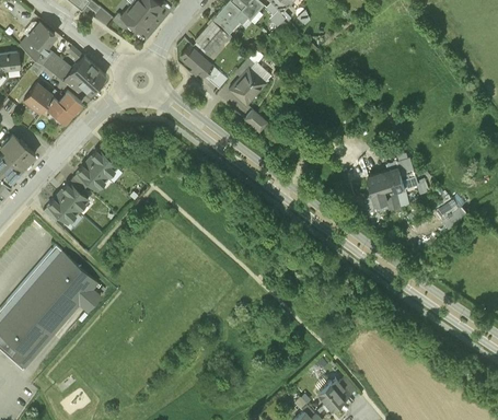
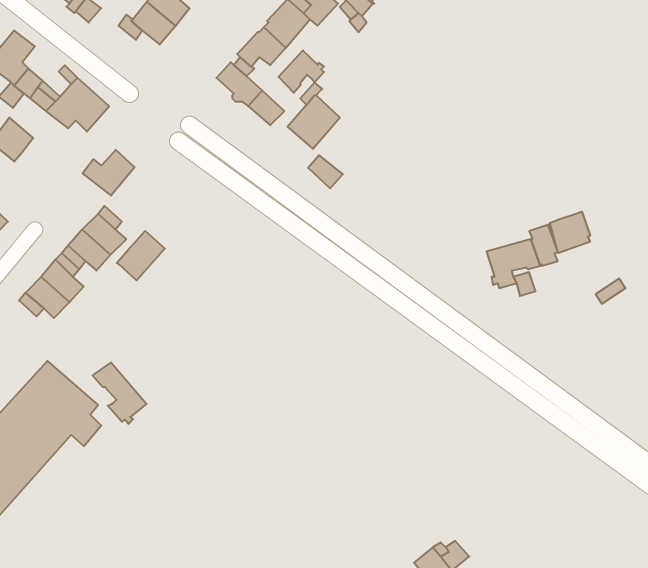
building: none -> [279,50,324,93]
building: [46,91,82,122] -> [83,150,135,196]
building: none -> [550,212,590,253]
building: none -> [117,231,165,280]
building: none -> [93,362,147,424]

